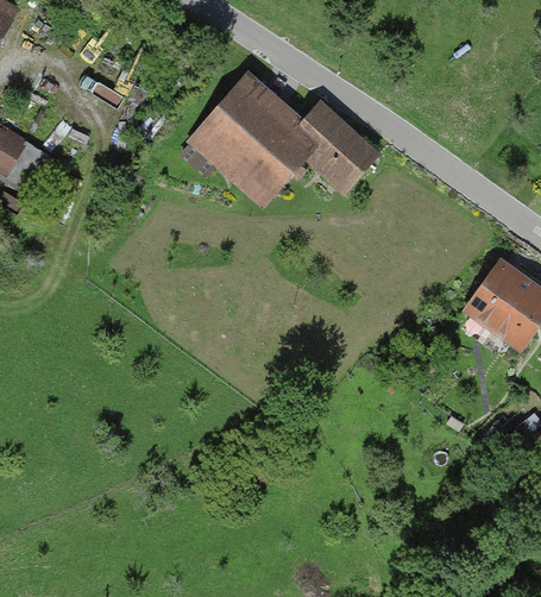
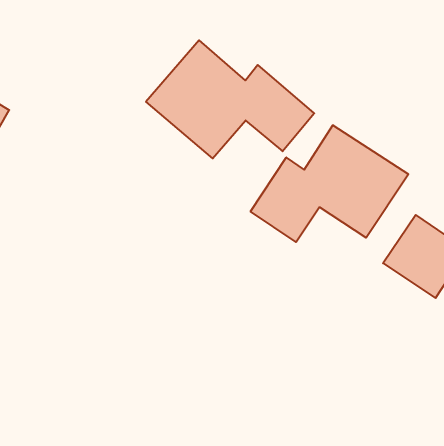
building: none -> [251,125,408,242]

